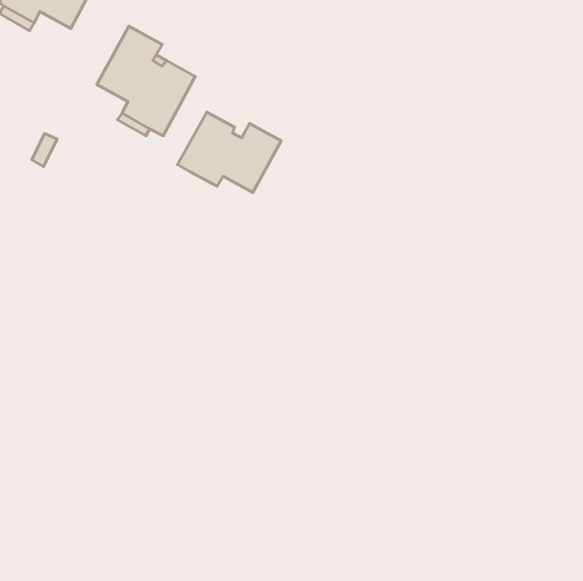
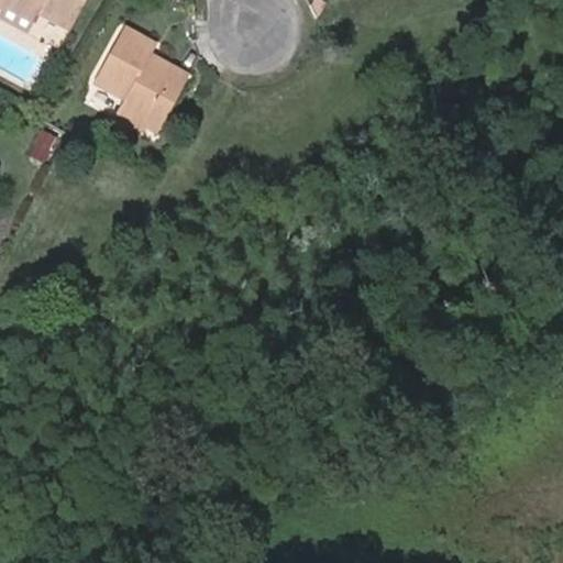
building: [178,112,281,193] -> none

